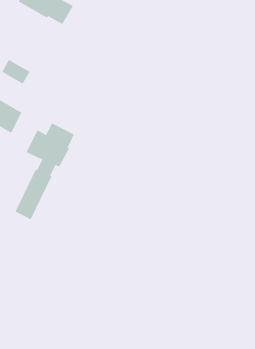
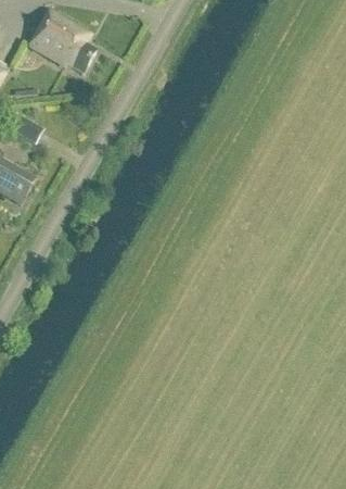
building: [15,122,75,220] -> none

